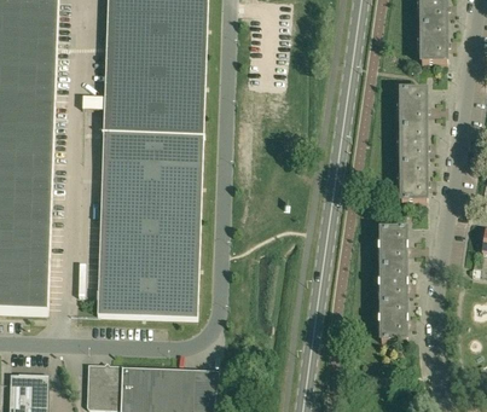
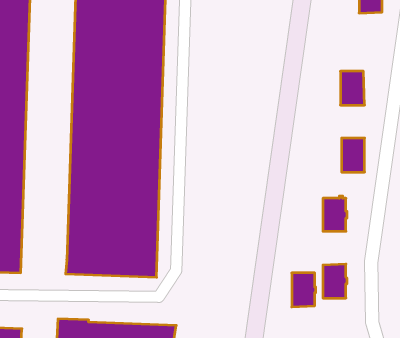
building: [421,23,447,60] -> none
building: [400,126,427,162] -> none
building: [381,265,407,302] -> [292,273,316,307]

